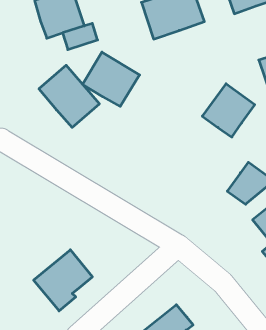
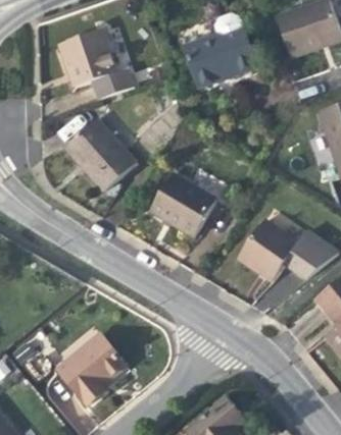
building: [83,52,140,106] -> [150,173,216,236]
building: [202,84,255,137] -> [238,219,299,281]

